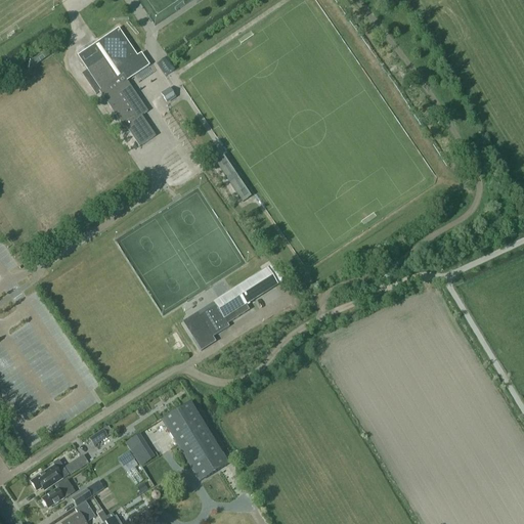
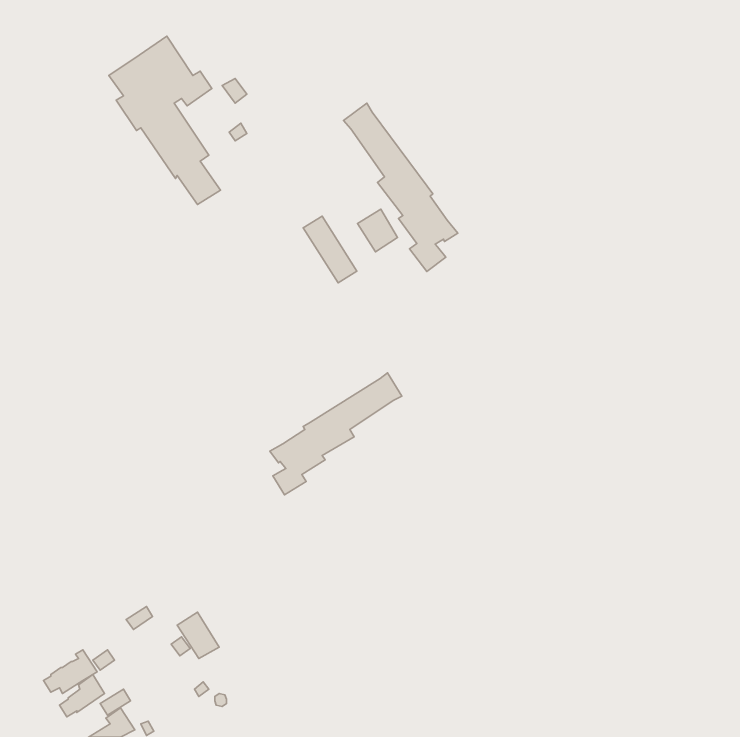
building: none -> [344,103,458,272]
building: none -> [358,209,397,252]
building: [162,399,227,478] -> none

